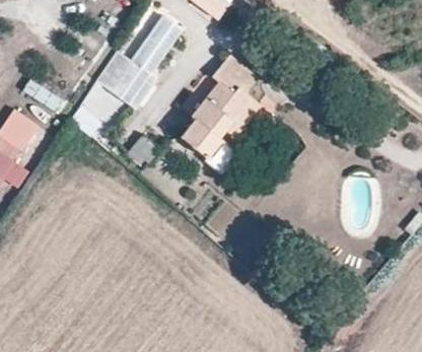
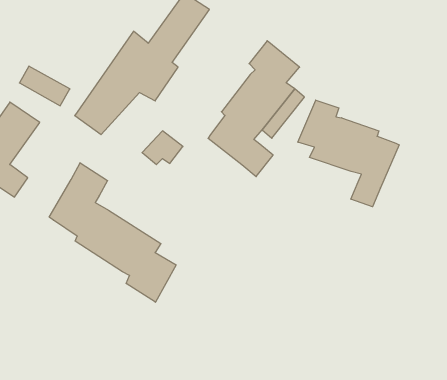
building: none -> [298,100,399,207]
building: none -> [49,163,176,302]

